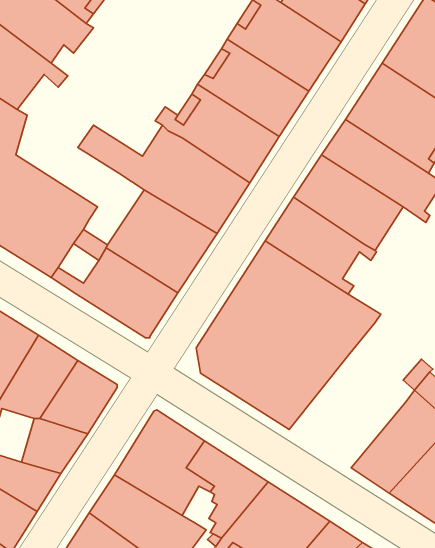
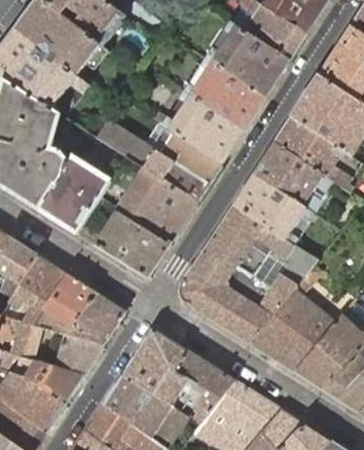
building: none -> [250,264,335,370]

